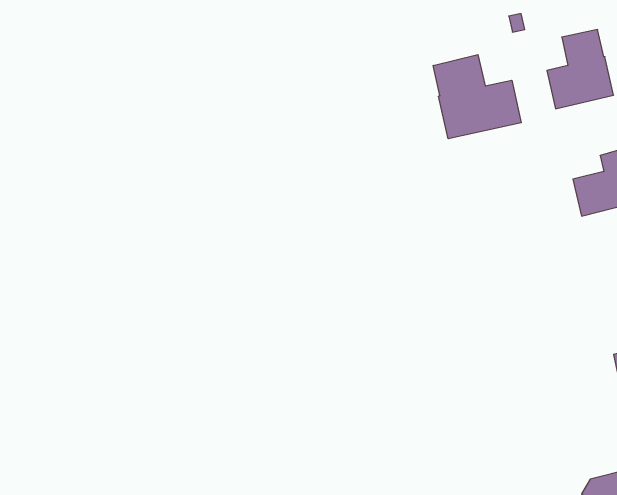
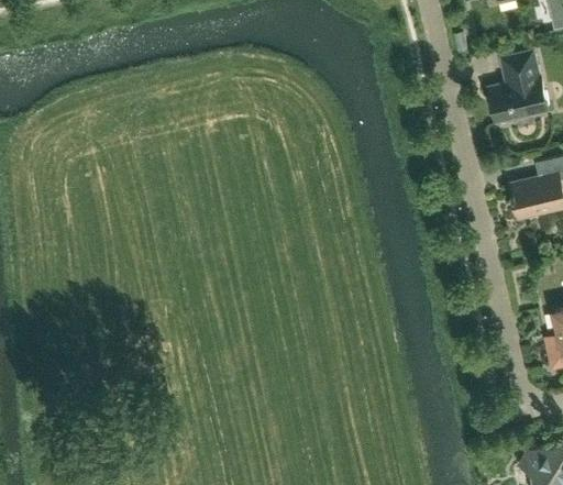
building: [433,55,521,139] -> none

